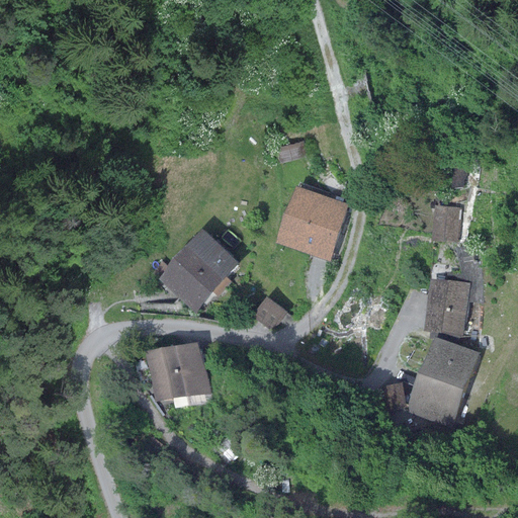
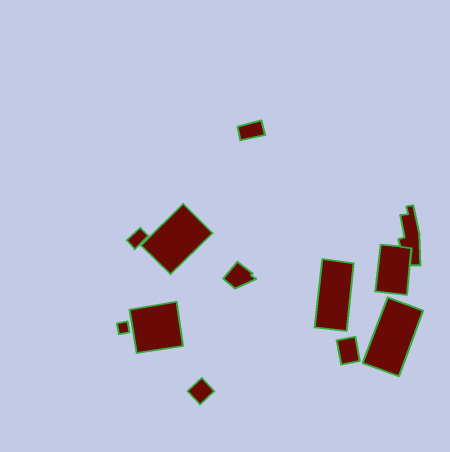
building: [280,186,348,259] -> none
building: [427,202,457,241] -> none
building: none -> [315,259,353,331]

